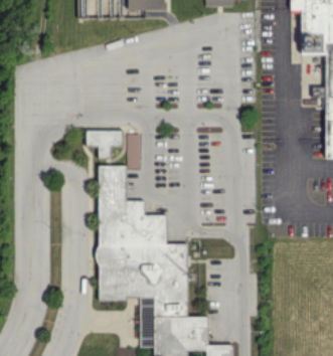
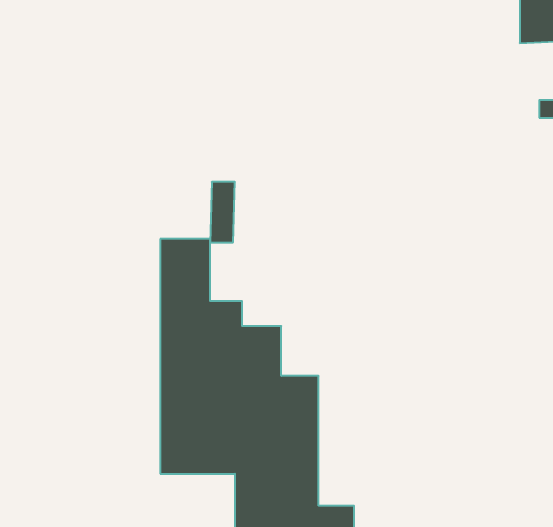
building: [86,130,122,159] -> none

